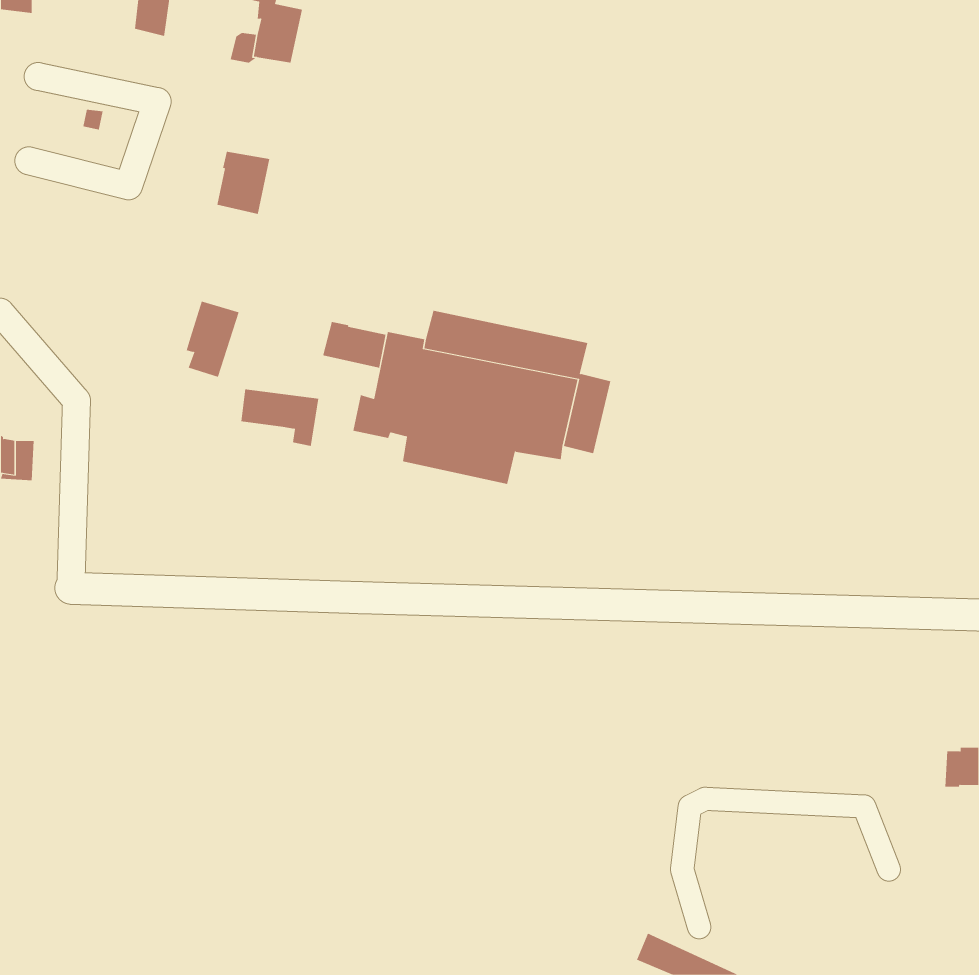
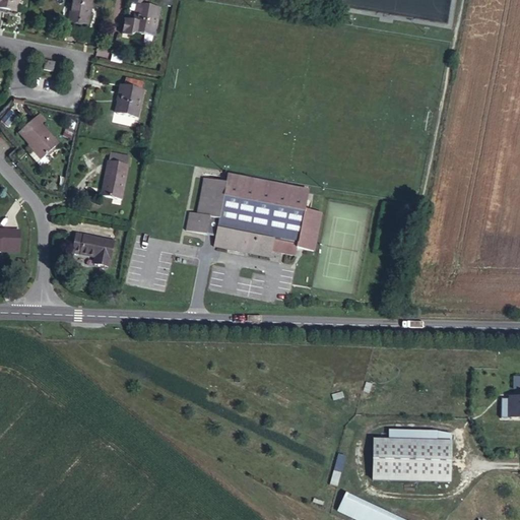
building: none -> [18,114,58,154]
building: [322,321,386,368] -> none
building: [241,389,319,446] -> [65,234,107,264]
building: none -> [373,439,451,481]

